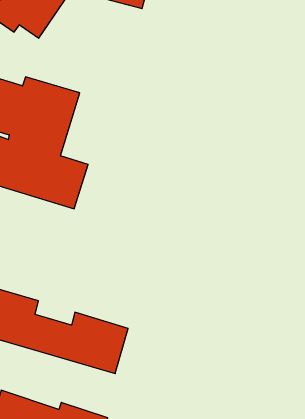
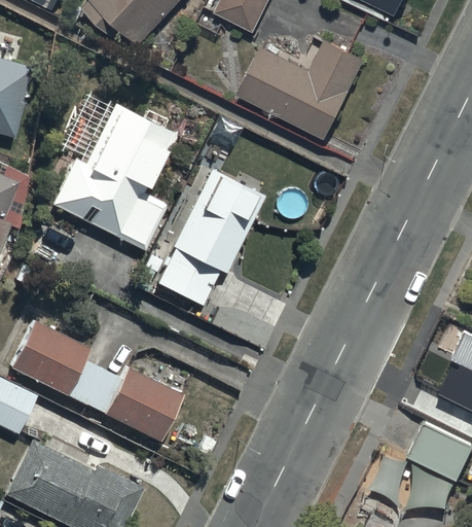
building: none -> [238,50,362,137]
building: none -> [154,167,255,303]

